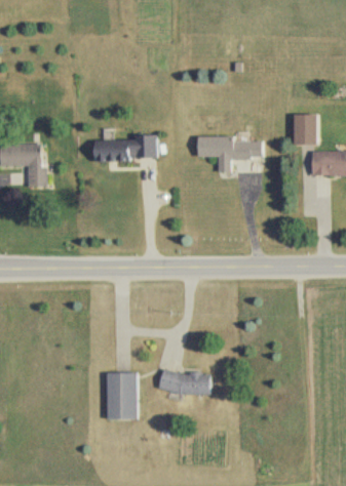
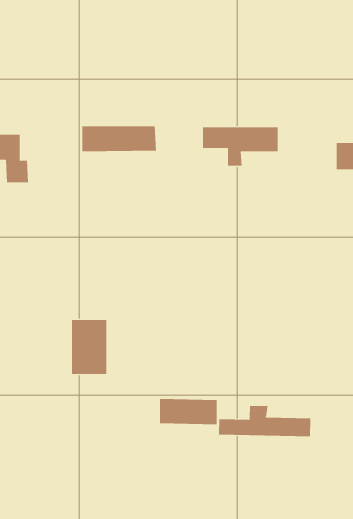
building: [293,116,317,144] -> none
building: [106,372,137,419] -> [71,320,107,374]
building: none -> [219,405,311,437]

